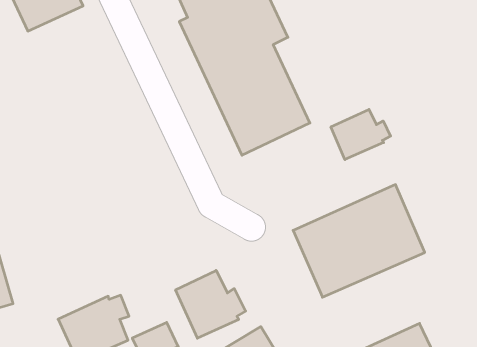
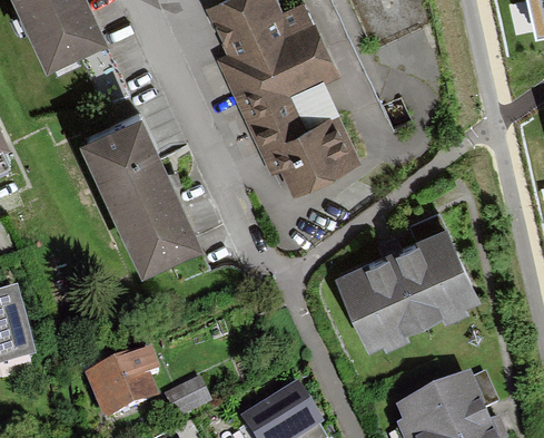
building: none -> [88,113,205,267]
building: [331,109,391,160] -> none
building: [176,270,246,338] -> none

